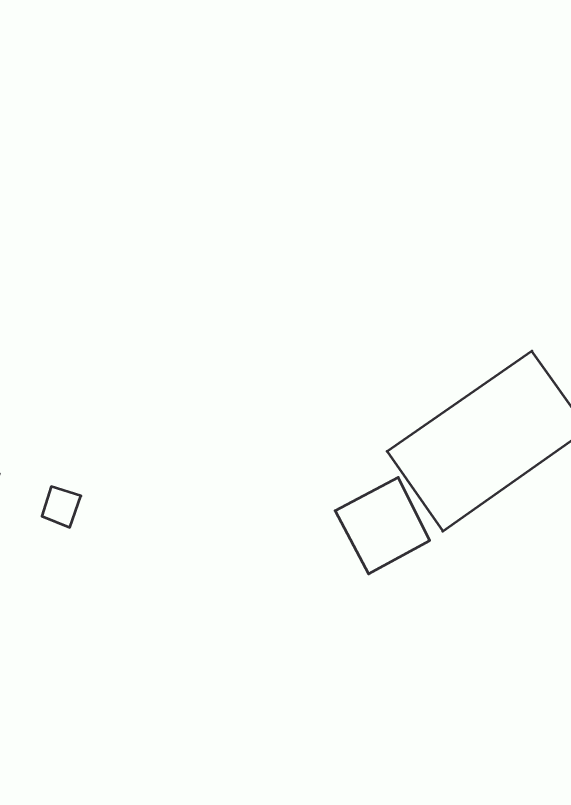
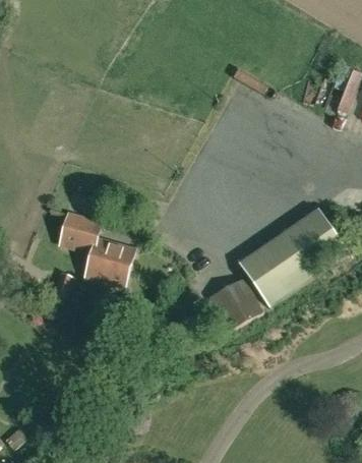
building: none -> [59,214,134,287]

